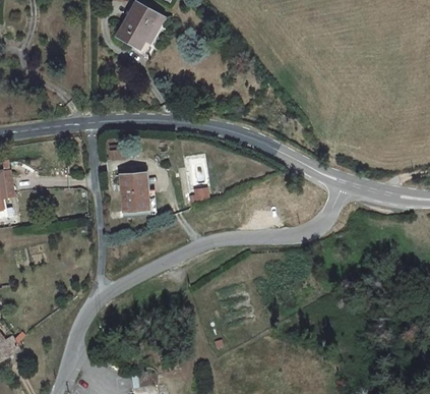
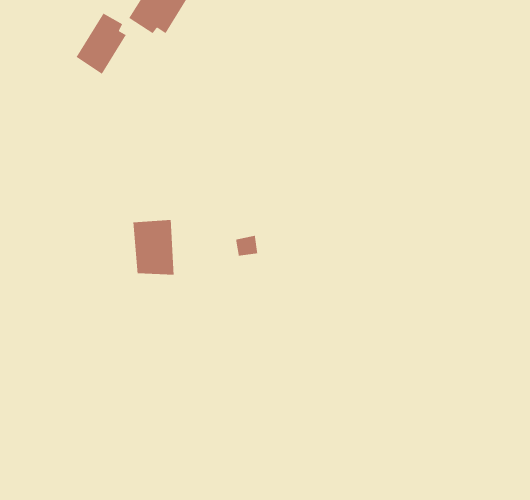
building: none -> [76,12,127,75]

